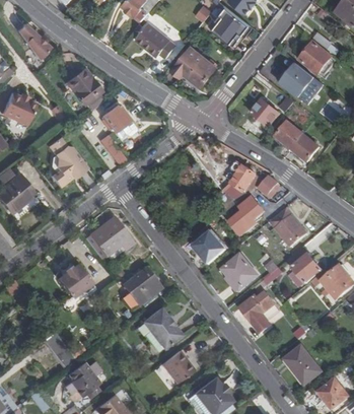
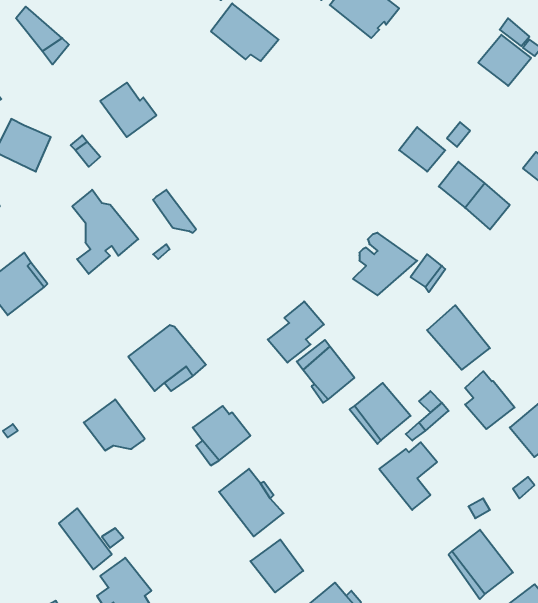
building: [172,46,218,86] -> none
building: [282,62,315,95] -> none
building: [101,105,137,141] -> none
building: [233,195,268,232] -> [268,301,324,363]

